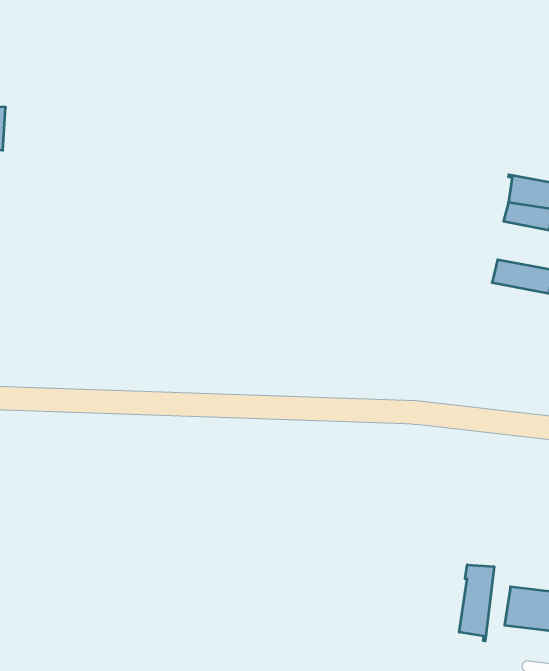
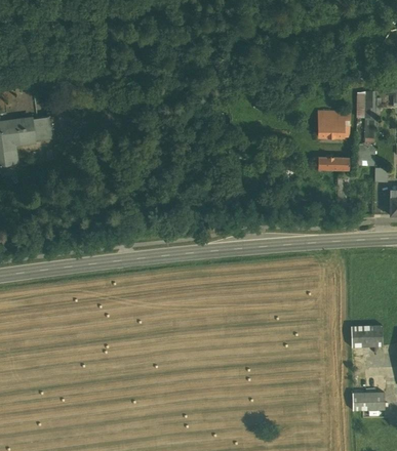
building: [459,565,494,641] -> none

